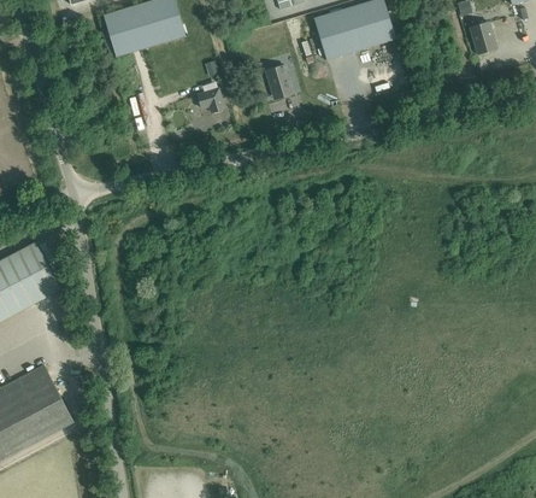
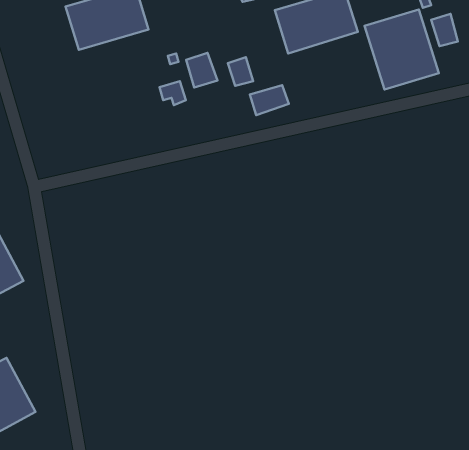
building: none -> [365,9,439,90]
building: none -> [186,53,218,87]
building: none -> [250,85,289,115]

